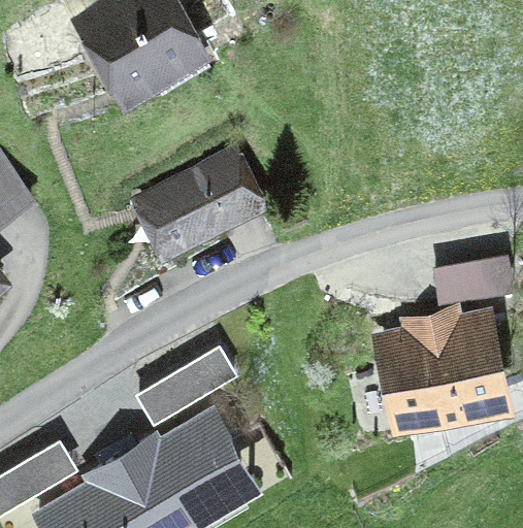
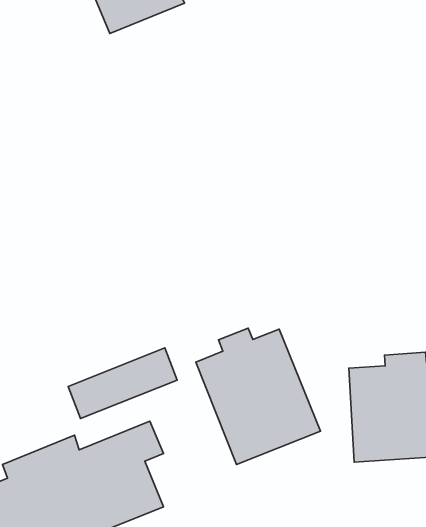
building: [141,155,257,249] -> none
building: none -> [196,328,320,465]

